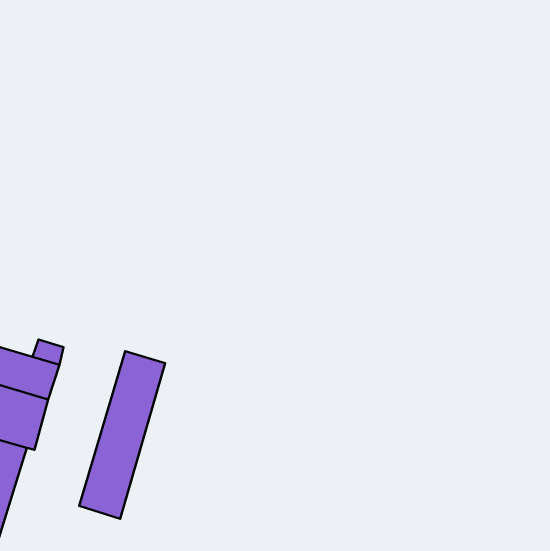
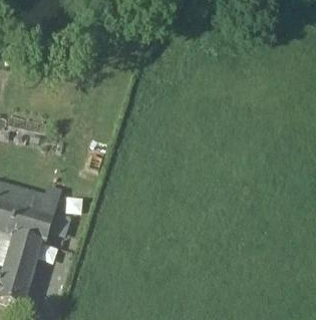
building: [79,351,165,519] -> none

